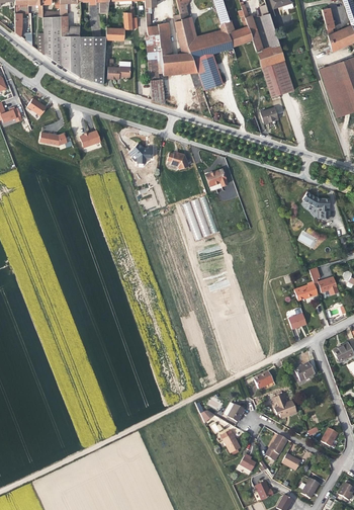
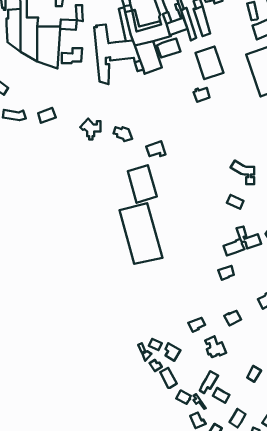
building: [147,22,170,56] -> none
building: [257,45,284,67] -> [157,38,180,58]
building: none -> [119,203,162,264]

